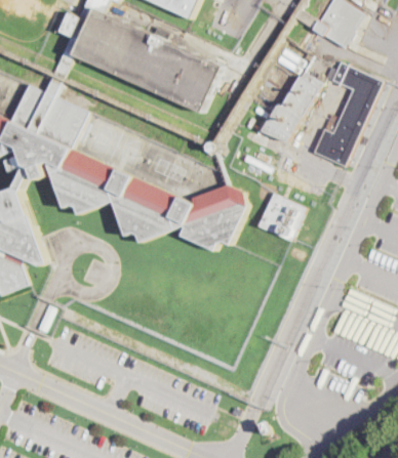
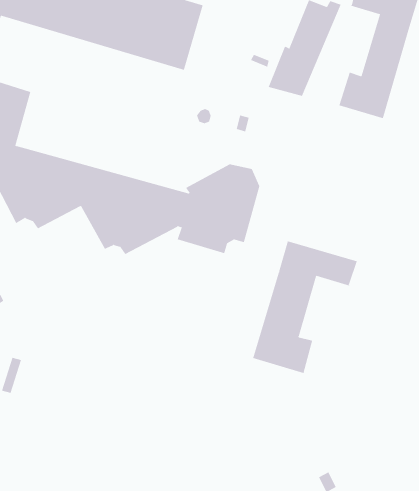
building: [255,194,304,242] -> none
building: none -> [252,240,357,374]

